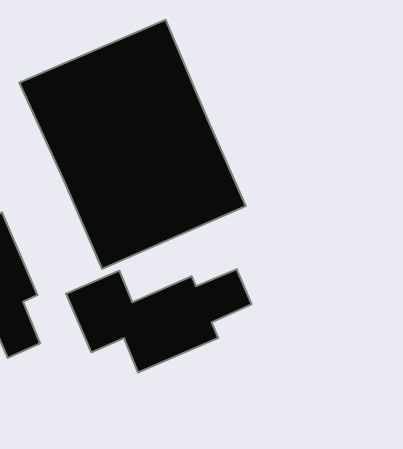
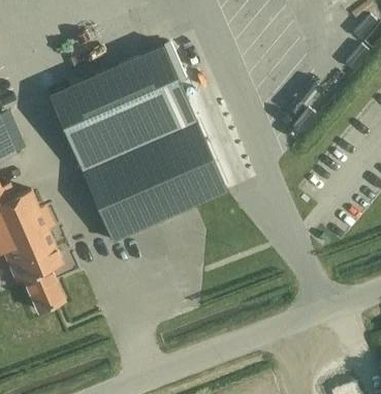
building: [66,269,251,373] -> none

